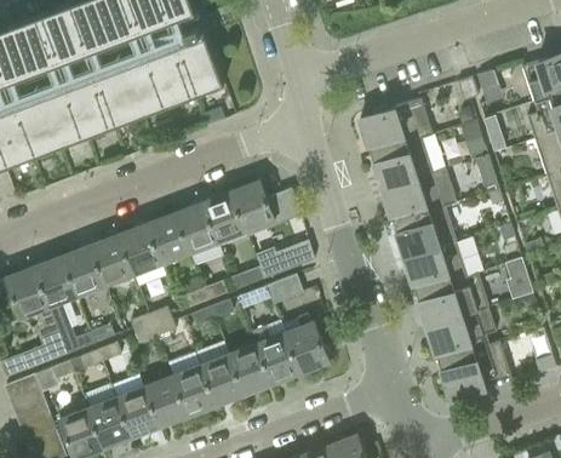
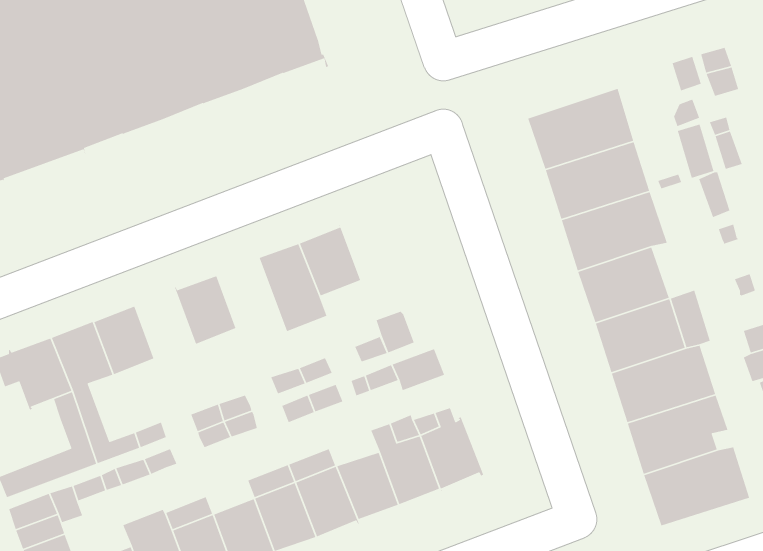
building: [231,179,302,236] -> none
building: [148,212,190,262] -> none
building: [92,234,133,282] -> none
building: [275,240,315,271] -> none

